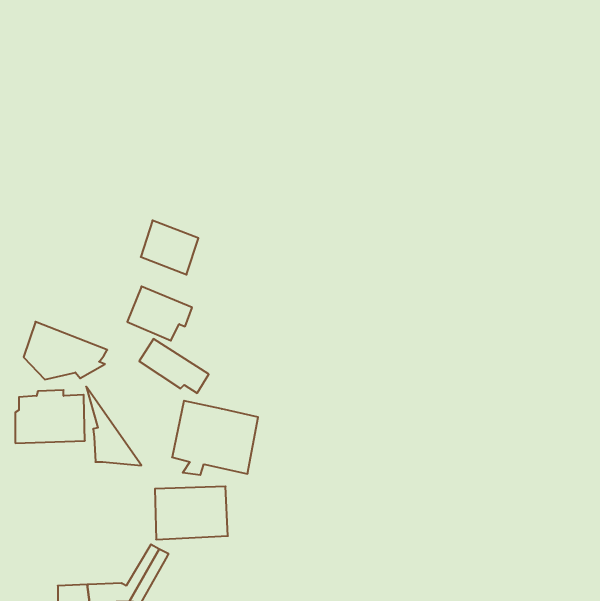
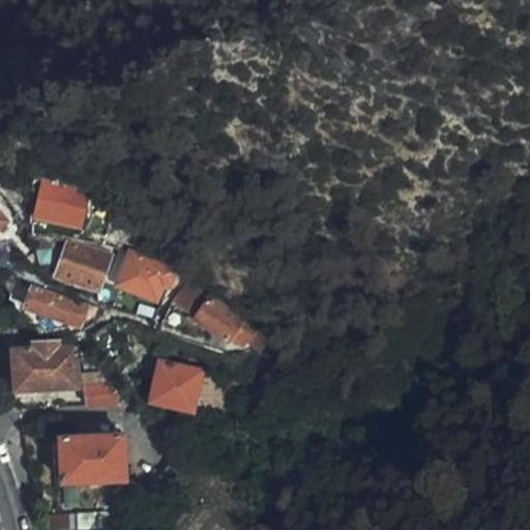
building: none -> [36,188,83,225]
building: [141,220,198,275] -> [55,242,106,290]
building: [139,339,209,393] -> [192,295,253,343]
building: [155,486,228,539] -> [60,436,124,482]

